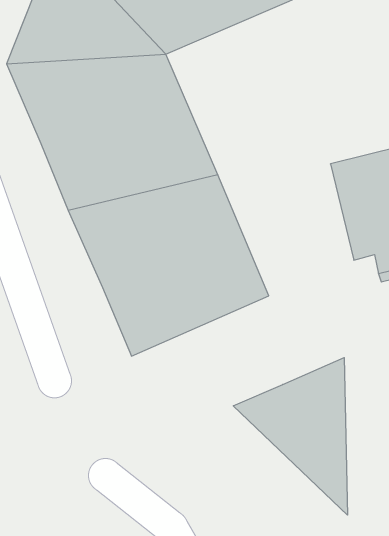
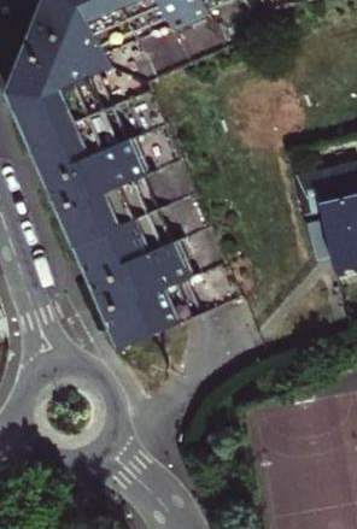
building: [233,358,347,515] -> none

